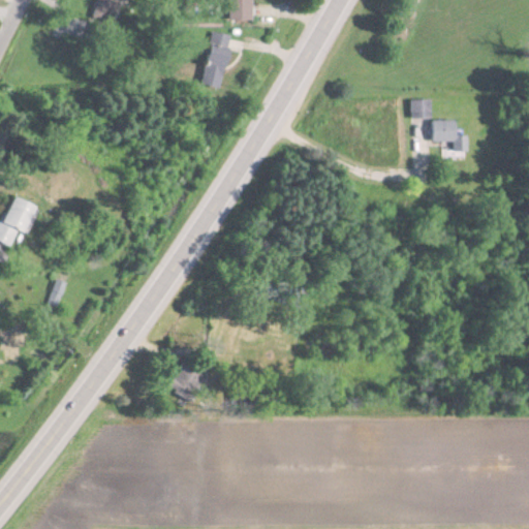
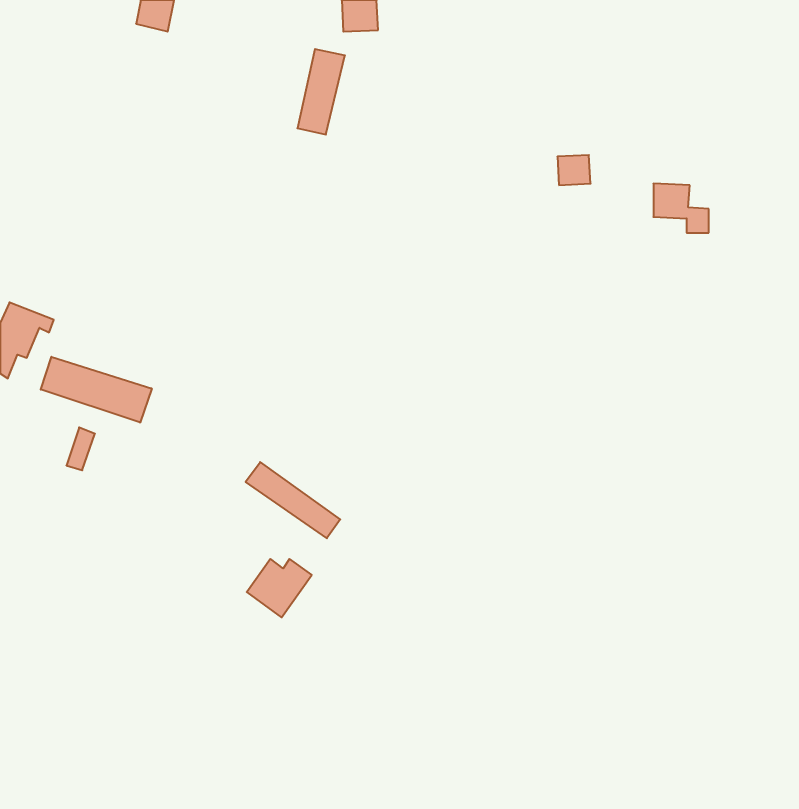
building: [411,99,433,119] -> [557,155,591,185]
building: none -> [41,357,152,423]
building: none -> [246,462,340,538]

